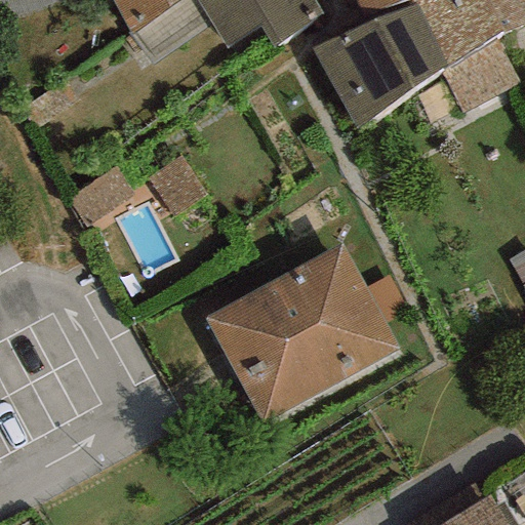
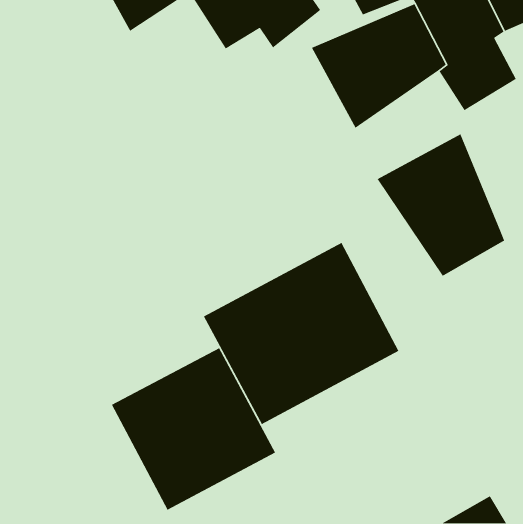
building: none -> [376,133,505,277]
building: none -> [111,347,276,511]

